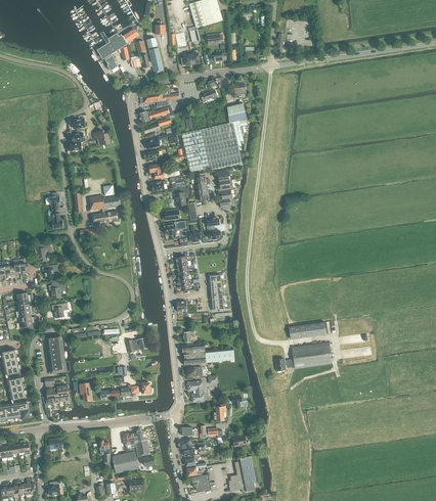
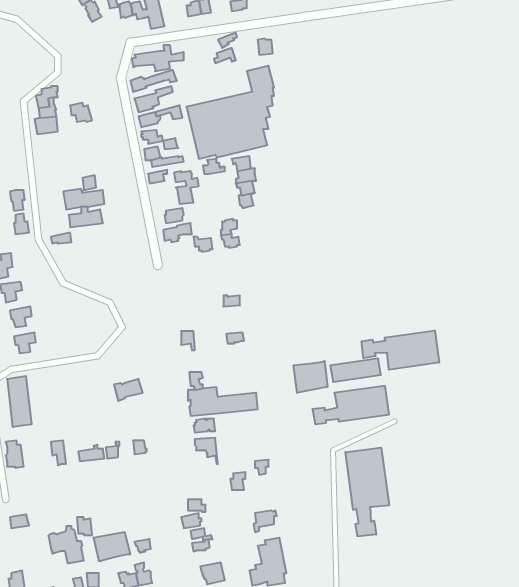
building: none -> [362,330,439,370]
building: none -> [294,361,328,393]
building: none -> [345,448,389,536]
building: [123,427,149,455] -> [48,526,84,563]

